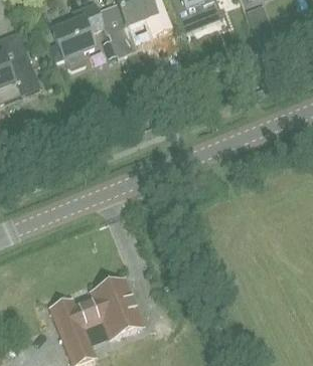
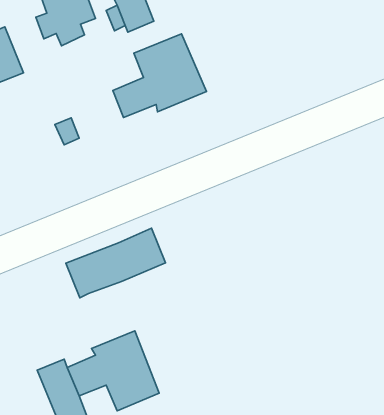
building: none -> [113,34,207,118]
building: none -> [66,228,165,298]

